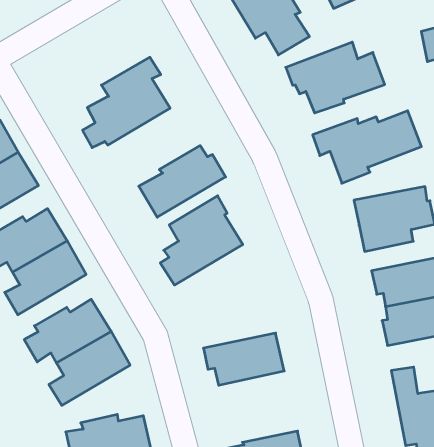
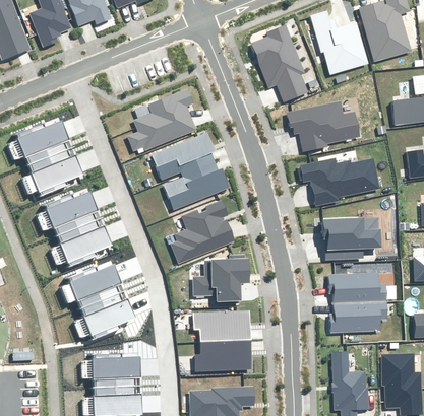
building: none -> [153,133,215,179]
building: none -> [193,256,249,301]
building: none -> [195,340,253,371]

